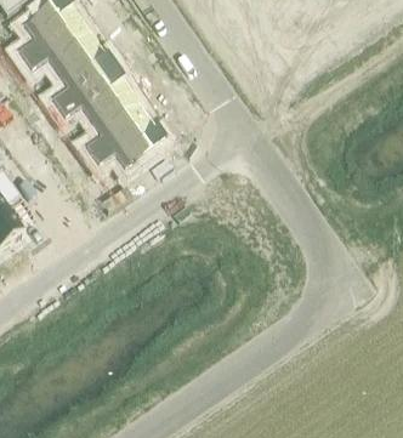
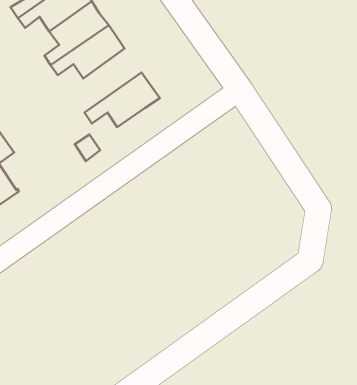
building: [84,87,148,152] -> none

